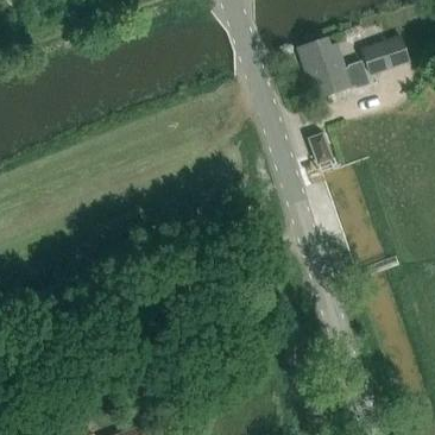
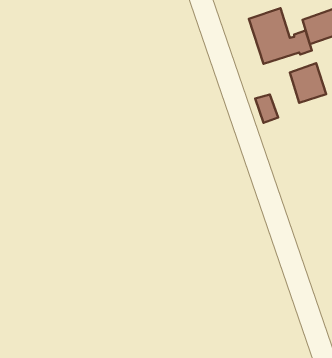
building: none -> [290,63,326,103]

